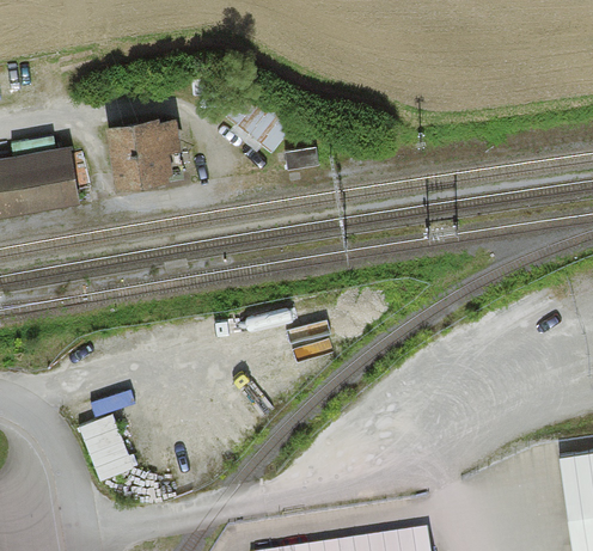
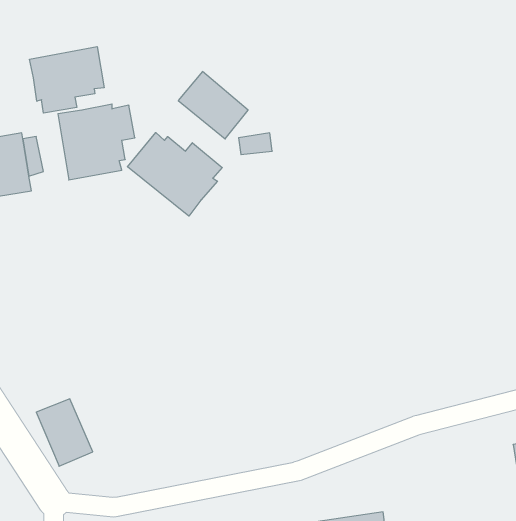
building: none -> [30,47,104,113]
building: none -> [127,133,222,216]

